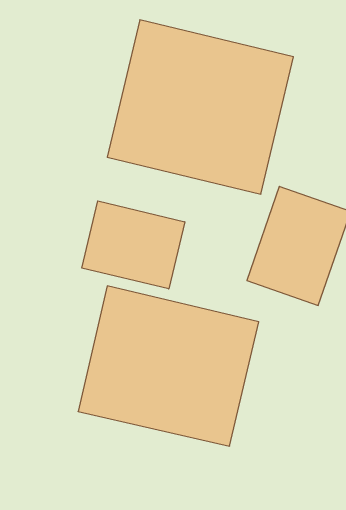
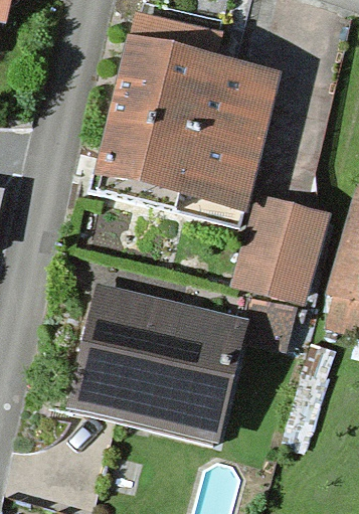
building: [82,201,185,289] -> none

